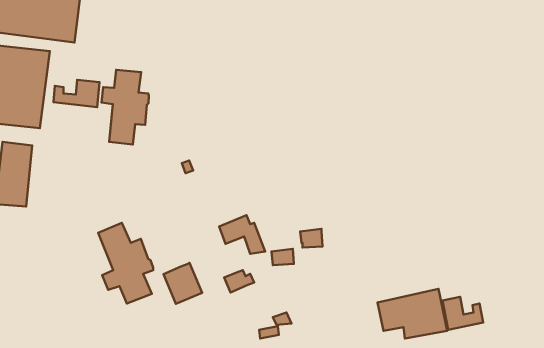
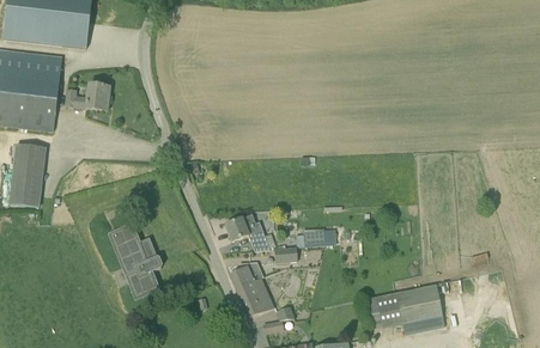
building: [101,70,149,145] -> none
building: [163,263,202,304] -> [236,277,273,317]
building: [442,297,483,330] -> none

